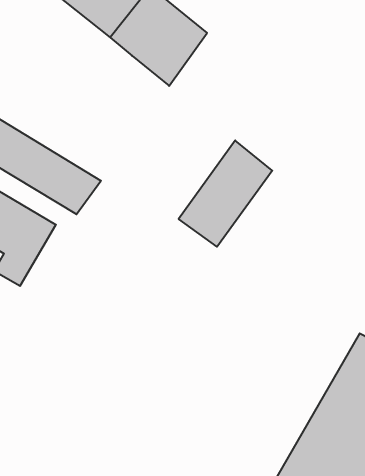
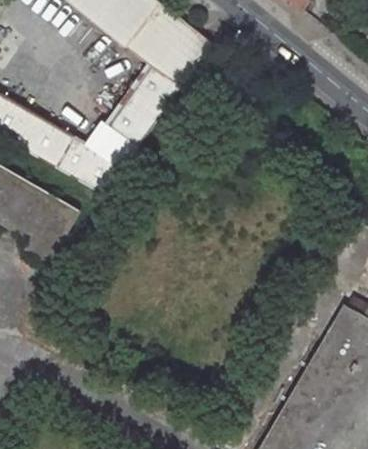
building: [179,140,272,247] -> [98,65,179,157]

